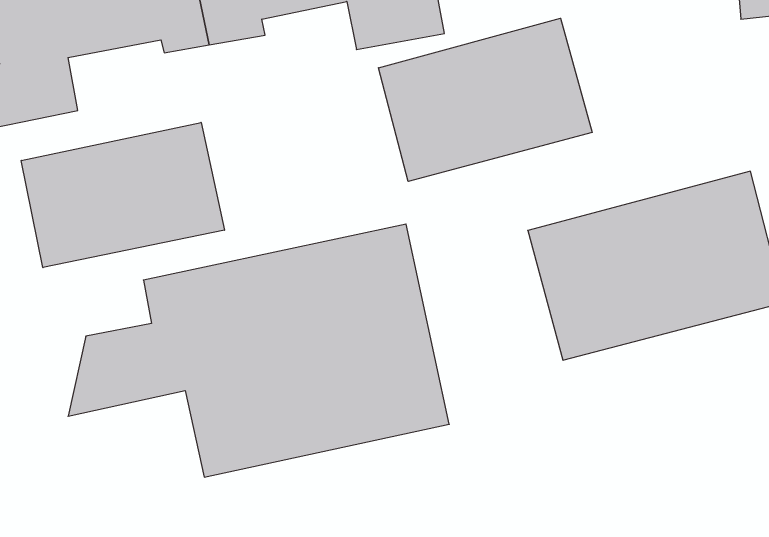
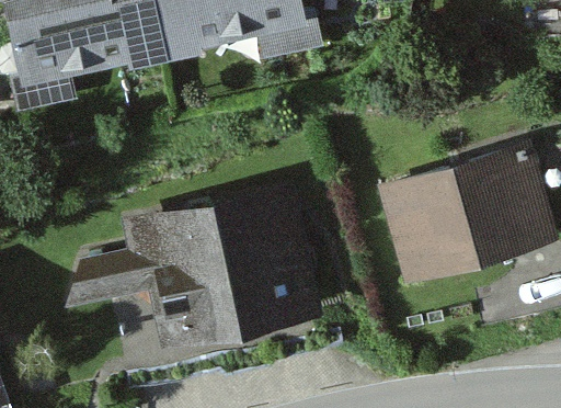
building: [378,18,592,181] -> none
building: [21,122,224,268] -> none

